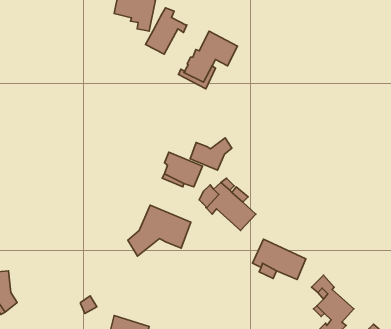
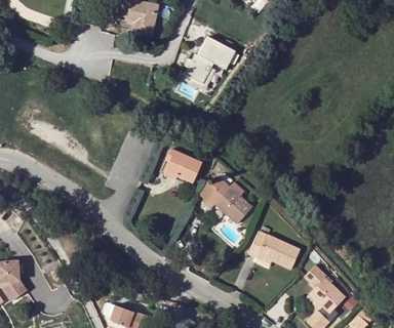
building: [146,8,187,54] -> none
building: [190,138,232,170] -> none
building: [128,205,191,256] -> none

